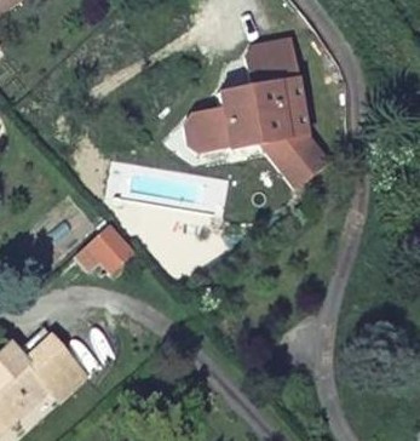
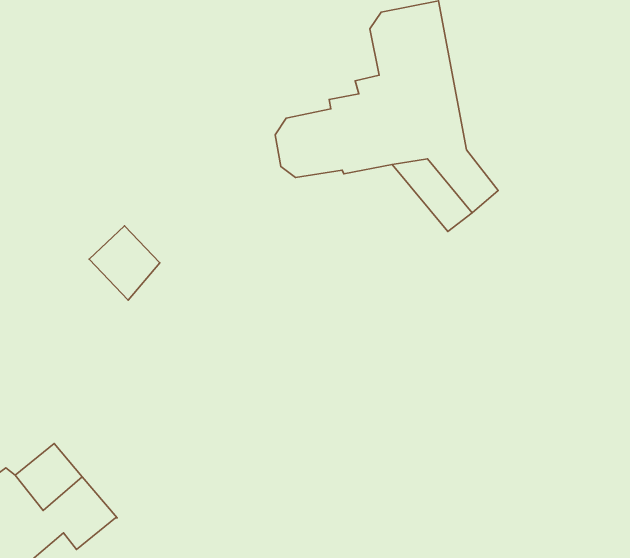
building: [85,225,131,274] -> [89,226,160,300]

